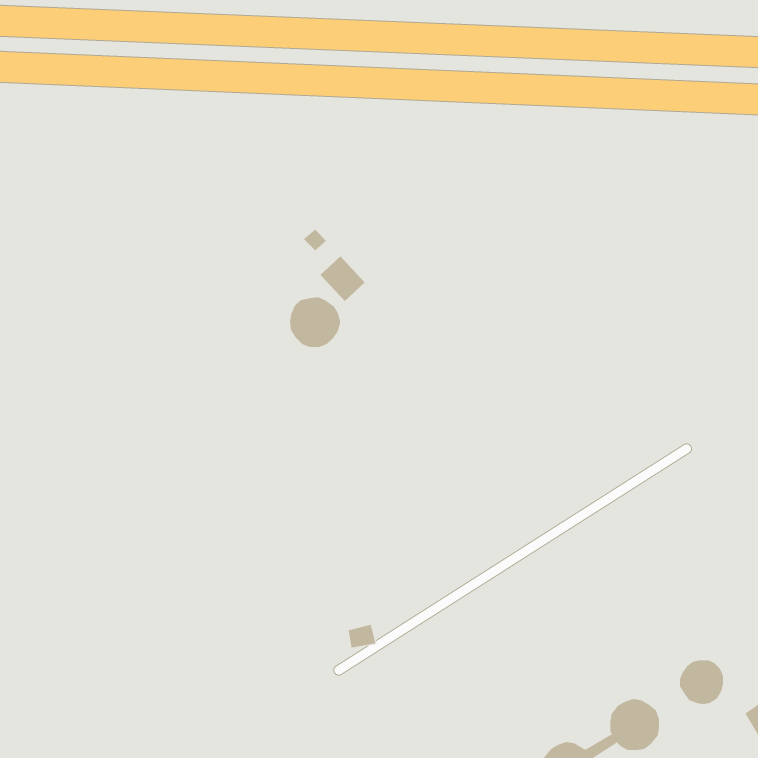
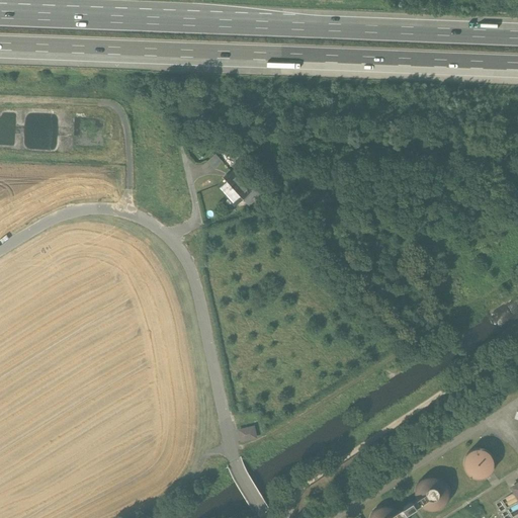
building: [289,297,341,348] -> none

